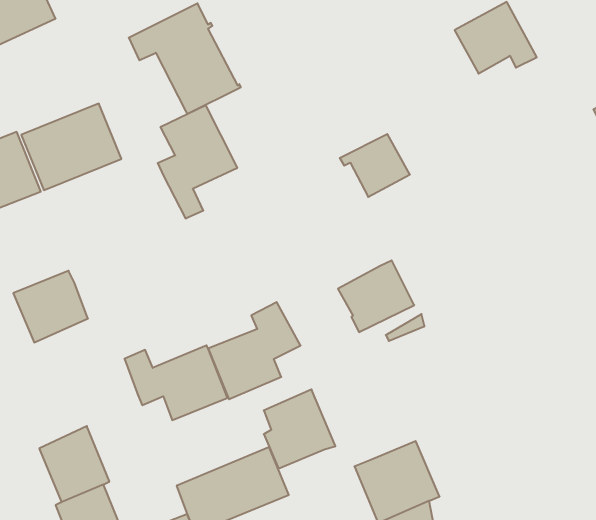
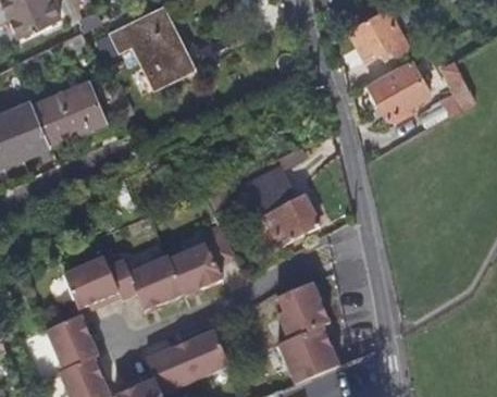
building: none -> [368,59,431,119]
building: [158,105,237,219] -> none
building: [340,134,410,197] -> [244,170,295,215]
building: [13,271,88,342] -> [64,258,119,310]
building: [264,389,335,469] -> [276,283,328,340]

